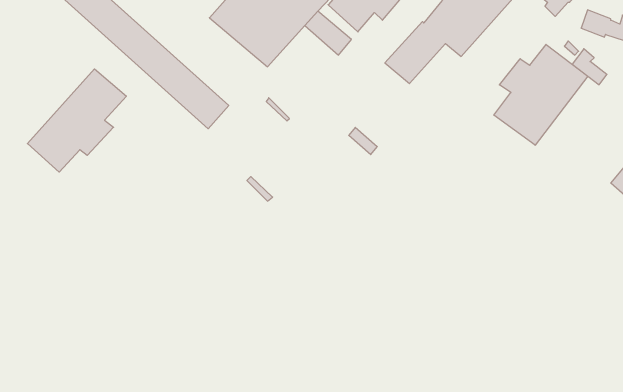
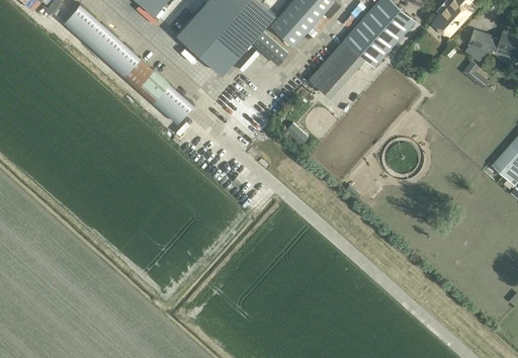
building: [494,44,588,145] -> none
building: [27,69,126,172] -> none

